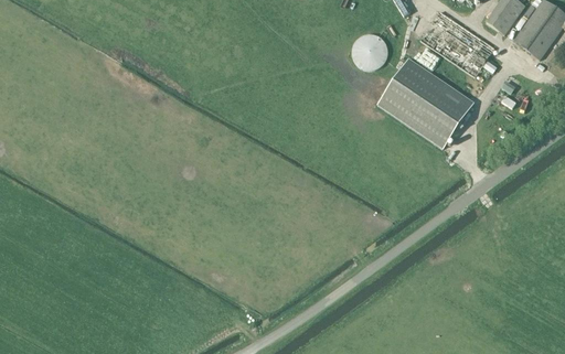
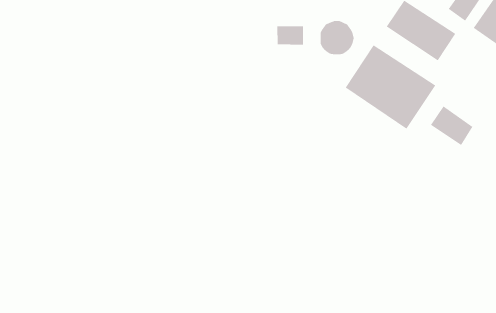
building: none -> [277,25,304,46]
building: none -> [430,105,473,146]

